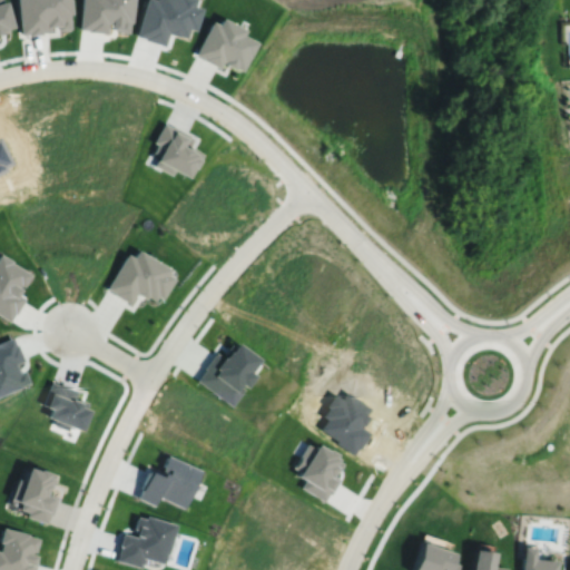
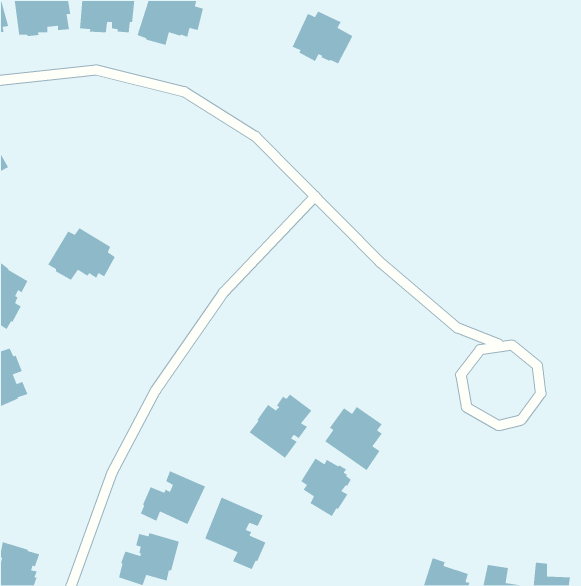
building: [198,19,258,71] -> [291,10,353,64]
building: [155,124,204,179] -> none
building: [108,253,175,305] -> [47,227,116,281]
building: [198,342,261,405] -> [248,393,313,459]
building: [45,382,92,432] -> none
building: [14,465,61,522] -> none
building: none -> [204,496,266,570]

